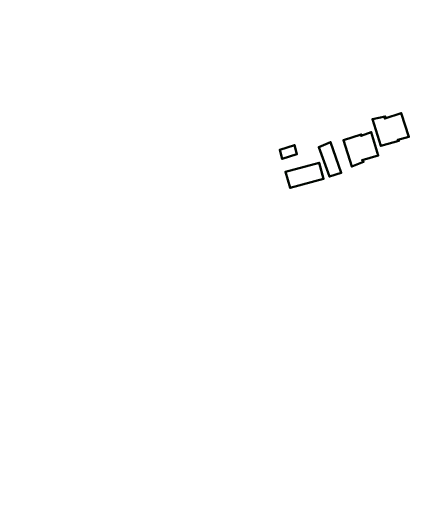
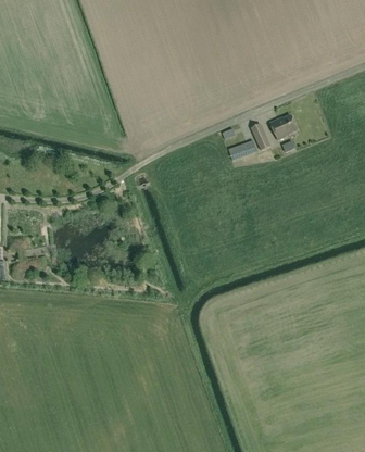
building: [372,113,409,146] -> none

